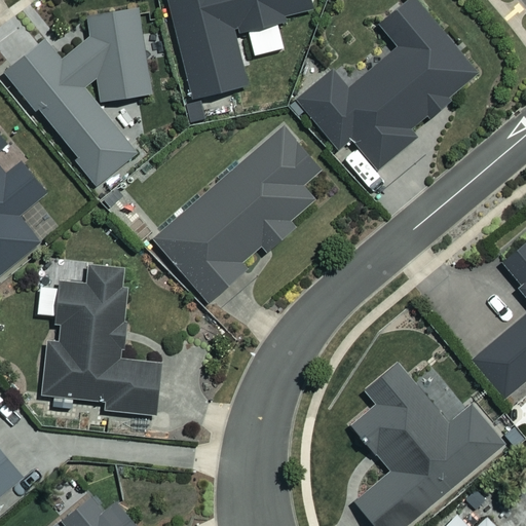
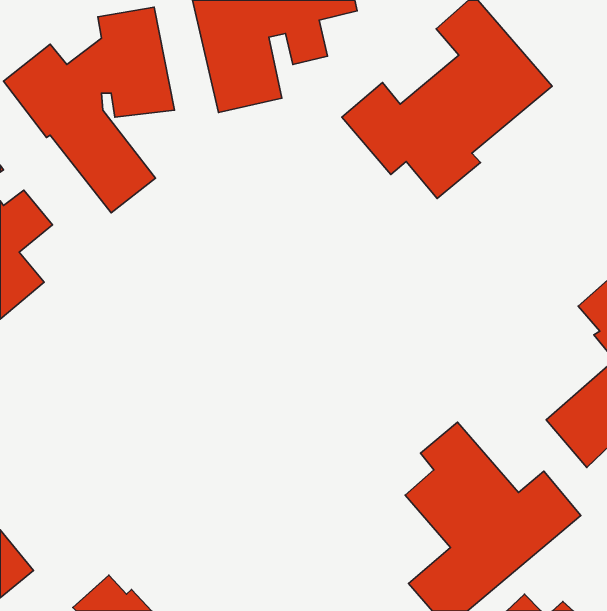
building: [155,125,322,302] -> none
building: [46,267,158,414] -> none

